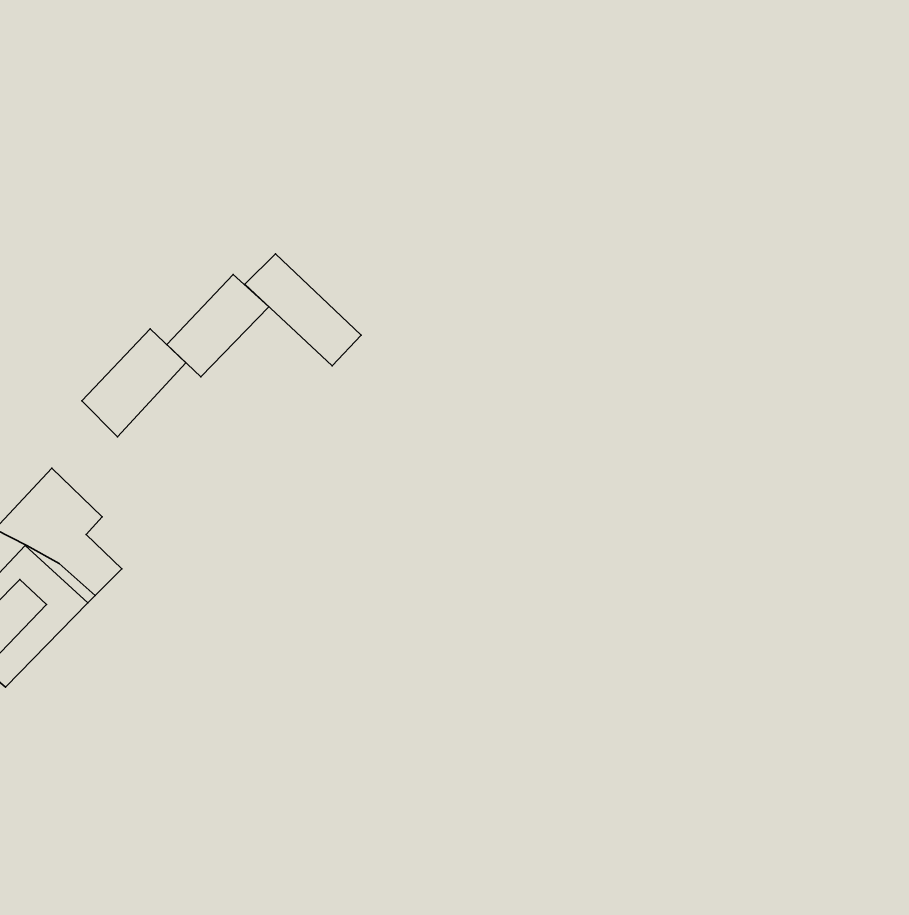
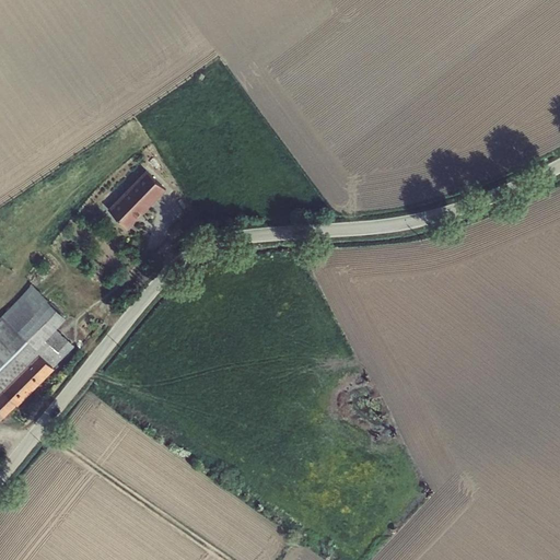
building: [245,254,361,366] -> none
building: [82,329,186,437] -> none

